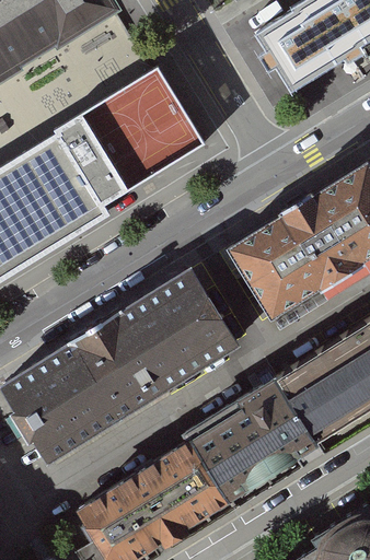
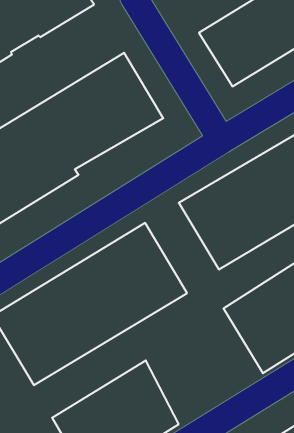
building: [186,373,326,512] -> none

